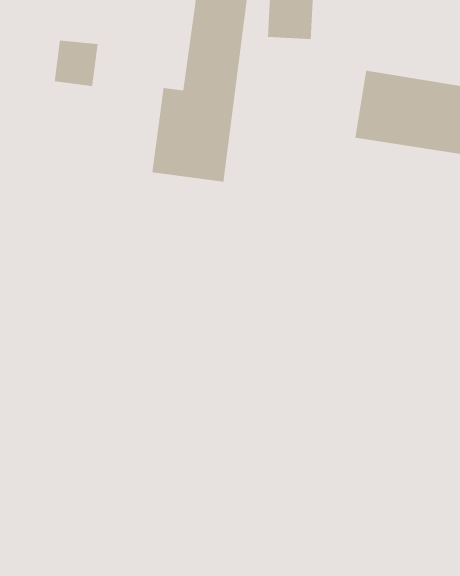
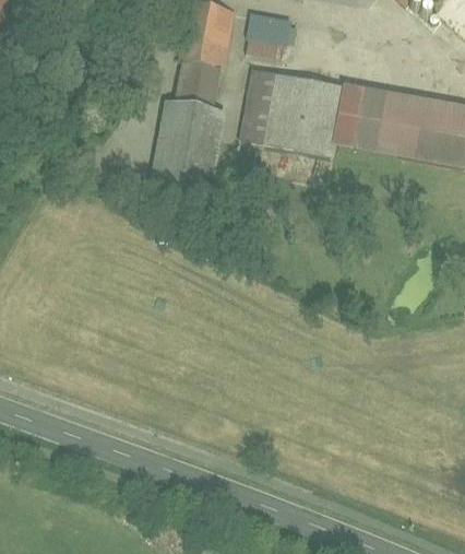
building: [54,40,98,87] -> none
building: none -> [245,70,334,160]

